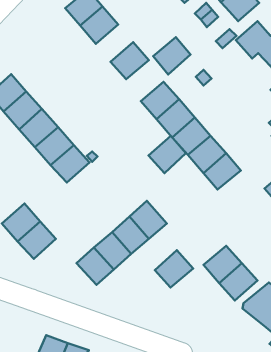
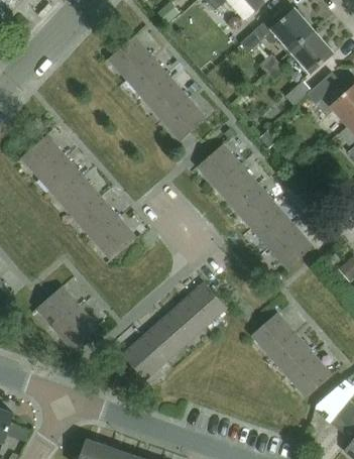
building: [153,37,191,74] -> [145,78,189,121]
building: [148,136,186,173] -> none
building: [155,250,193,288] -> [252,314,297,357]

